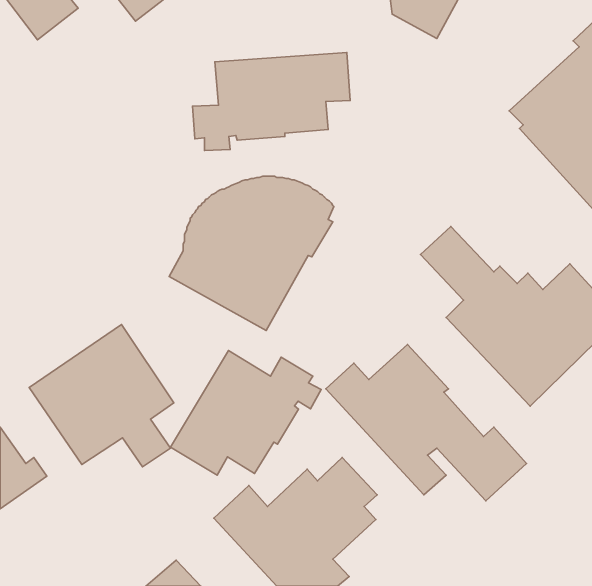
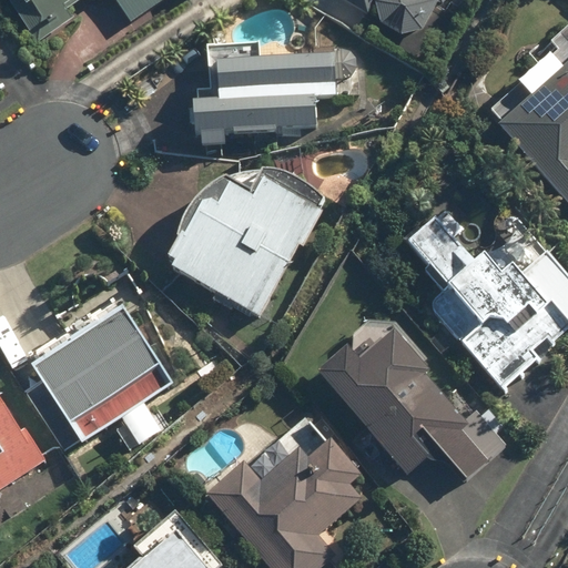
building: [171,351,321,475] -> none

